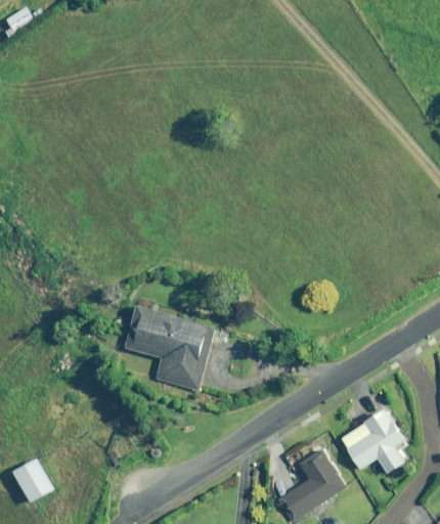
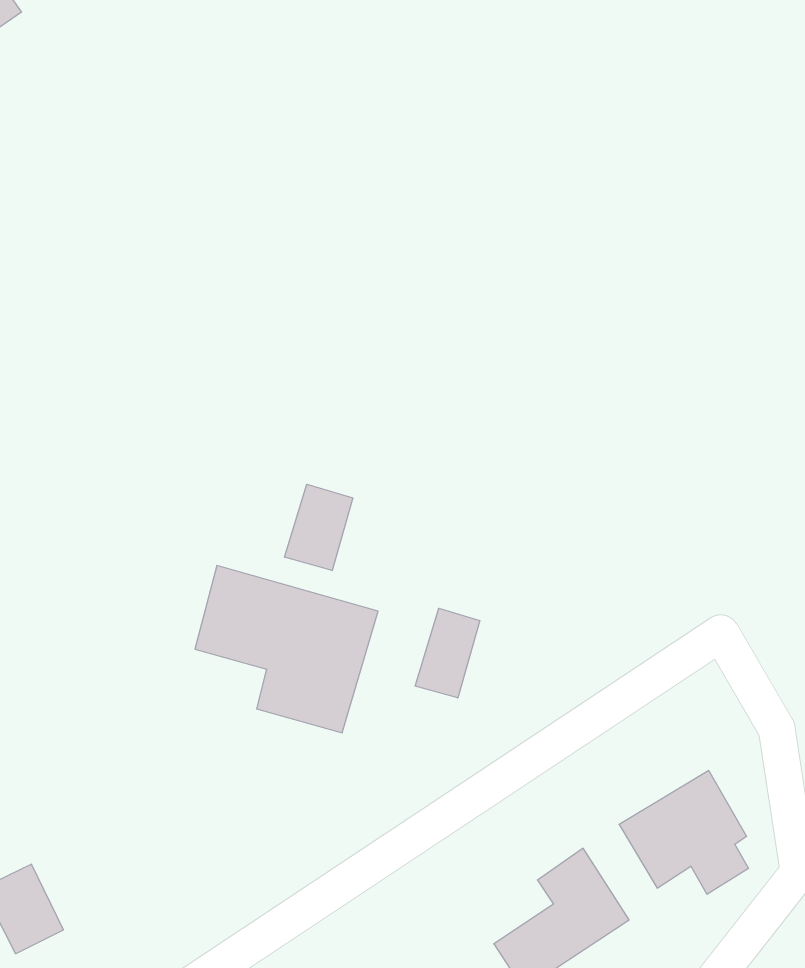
building: none -> [285,484,353,571]
building: none -> [415,608,480,698]

